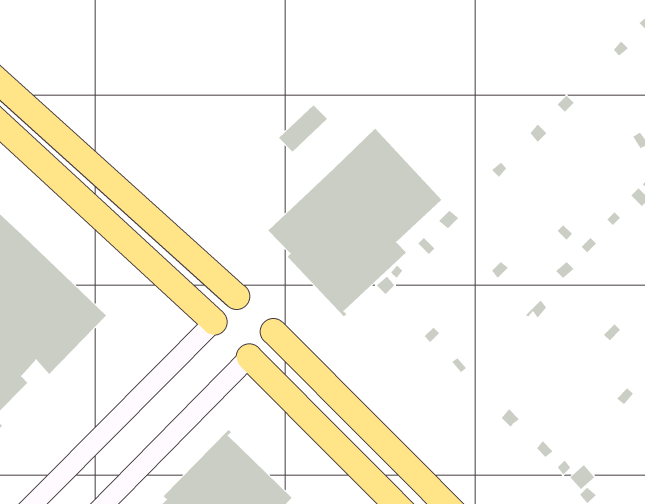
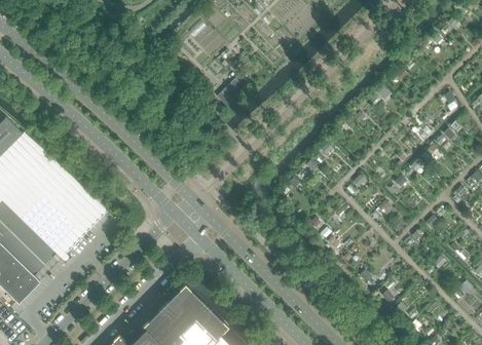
building: [267,128,442,317] -> none

